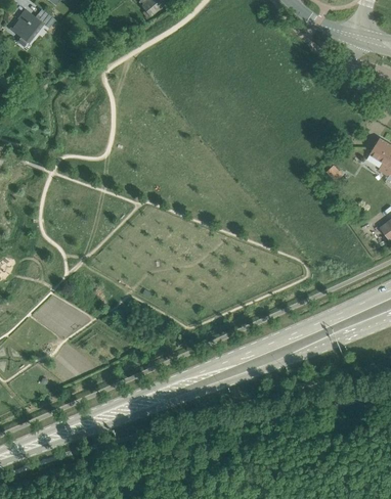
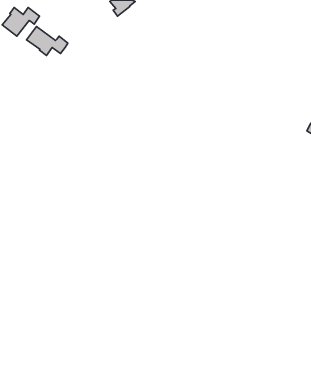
building: none -> [27,26,68,56]

